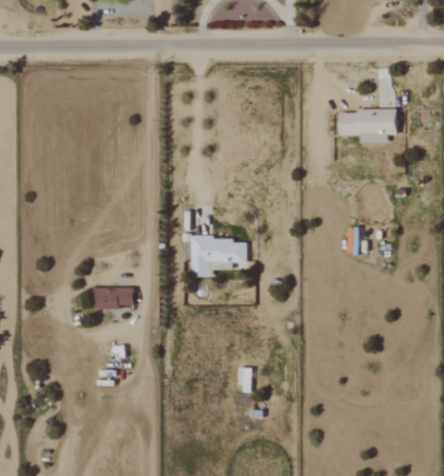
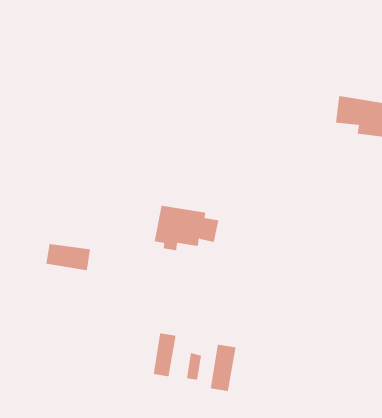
building: none -> [153,332,176,377]
building: none -> [210,344,236,392]

